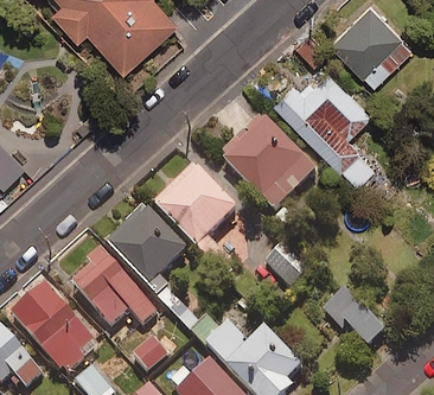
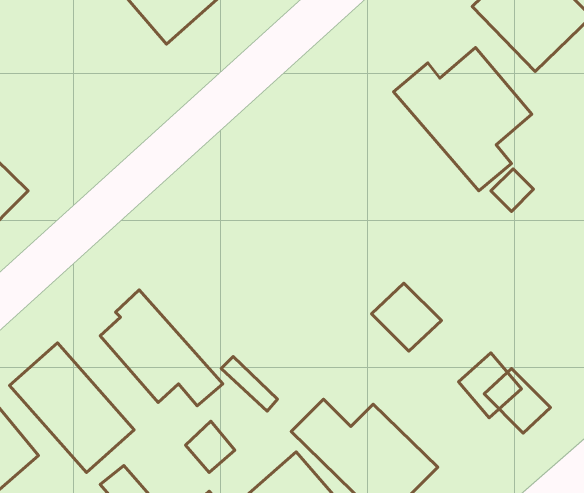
building: [223,121,317,216] -> none
building: [155,164,237,244] -> none
building: [106,203,187,283] -> none

